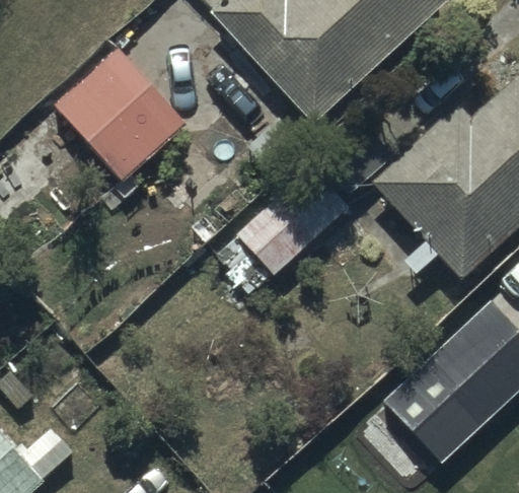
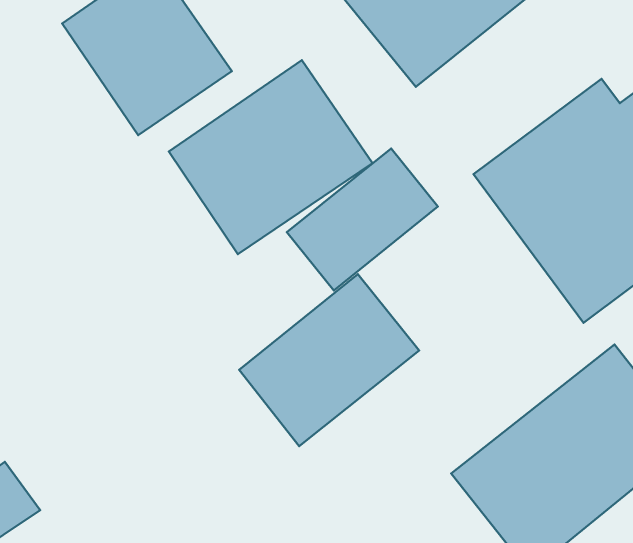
building: none -> [169,60,372,254]
building: none -> [239,274,419,446]

